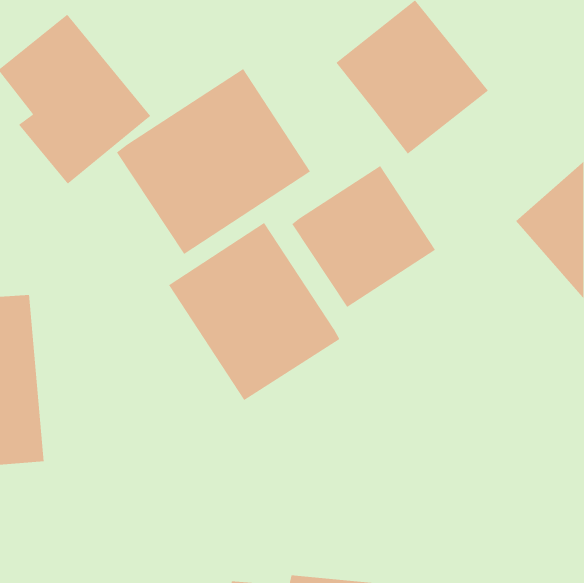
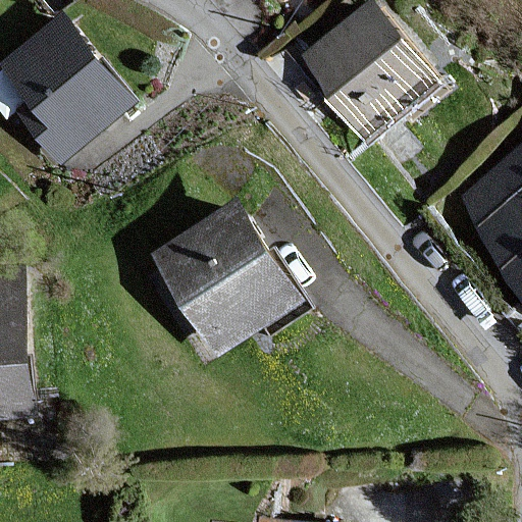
building: [116,68,311,255] -> none
building: [291,165,436,308] -> none

